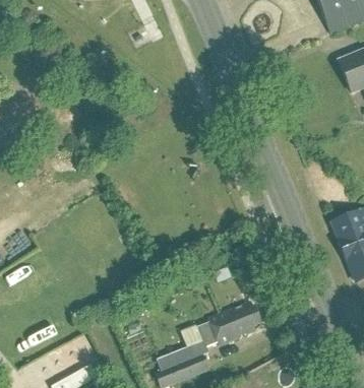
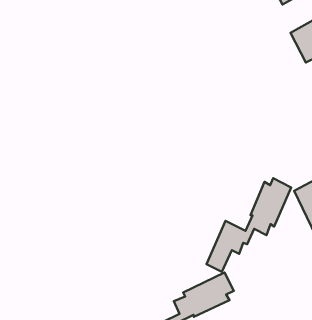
building: none -> [207,178,291,272]

